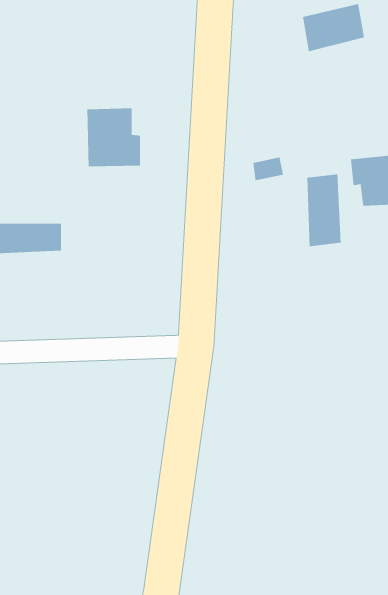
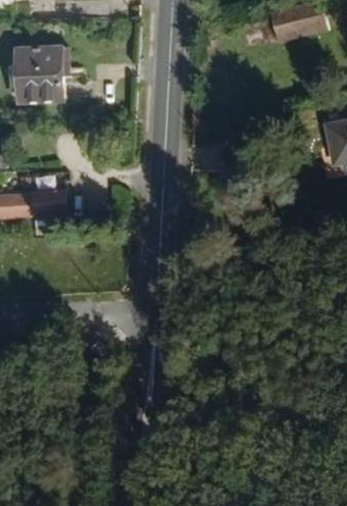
building: [87,108,141,167] -> [15,37,61,87]
building: [307,173,341,247] -> none

